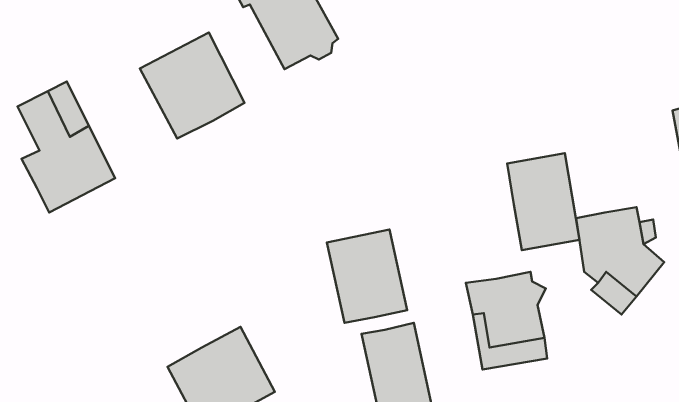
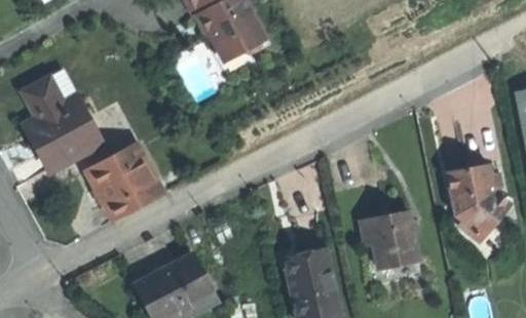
building: [140,33,245,139] -> [84,143,162,222]
building: [507,153,579,250] -> none
building: [327,230,407,323] -> none

